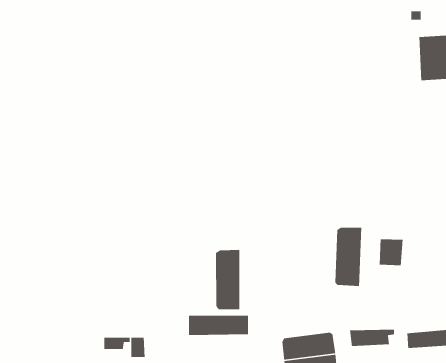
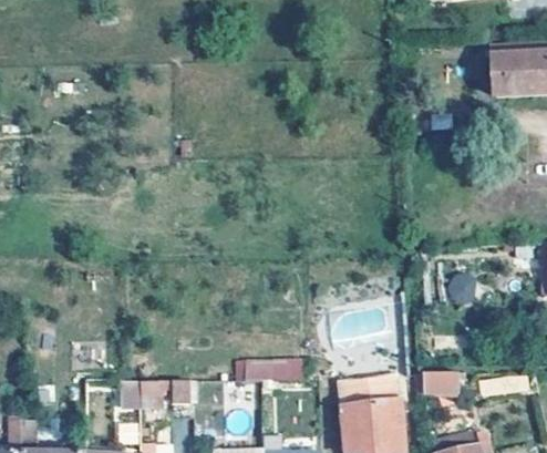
building: [334,227,362,287] -> none
building: [215,249,240,310] -> none

